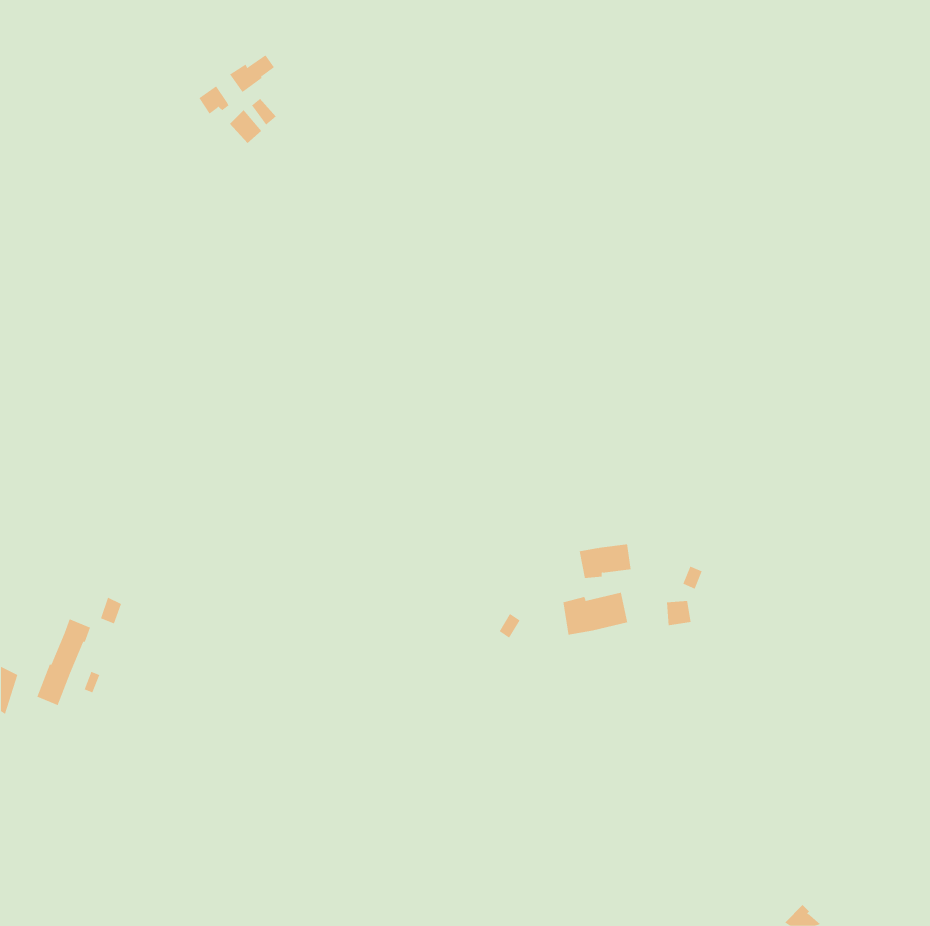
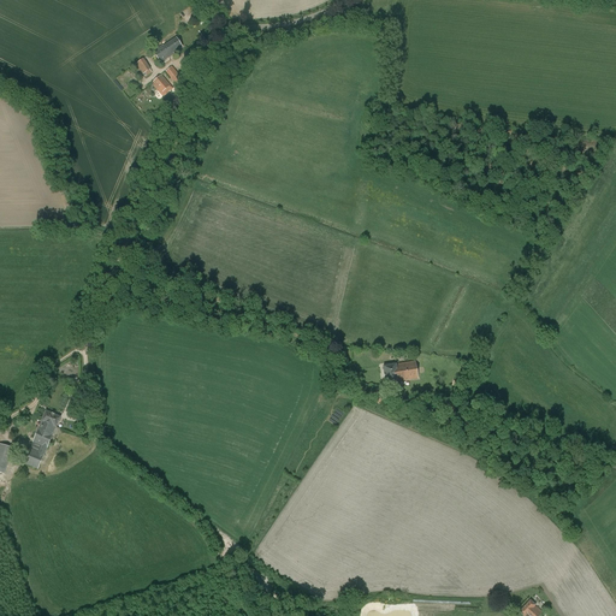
building: [563,592,628,636] -> none

